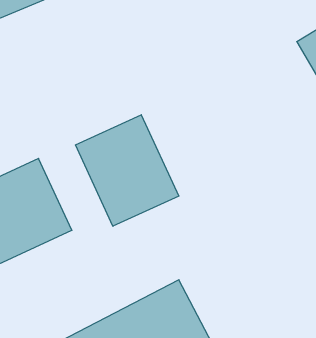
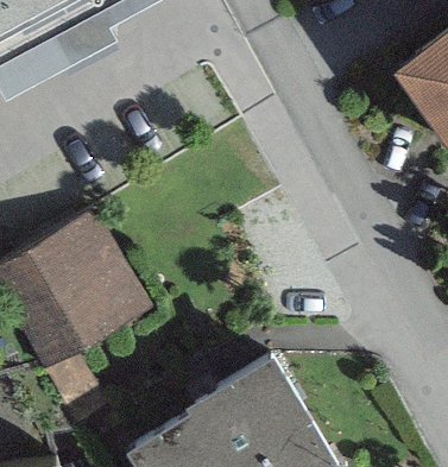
building: [76,115,179,226] -> none

